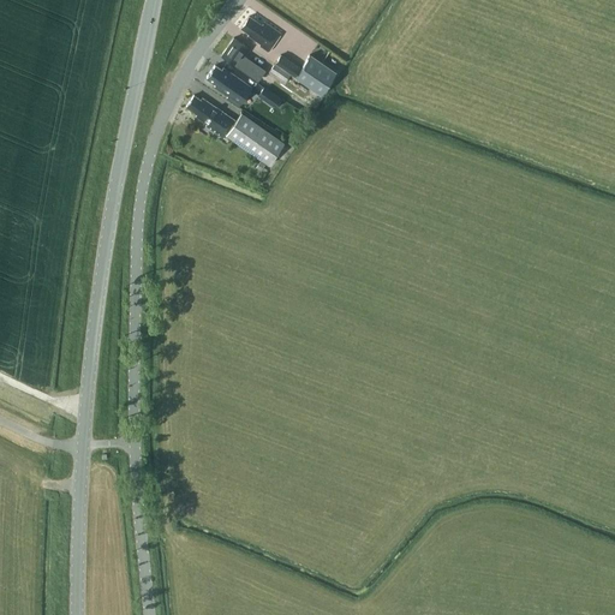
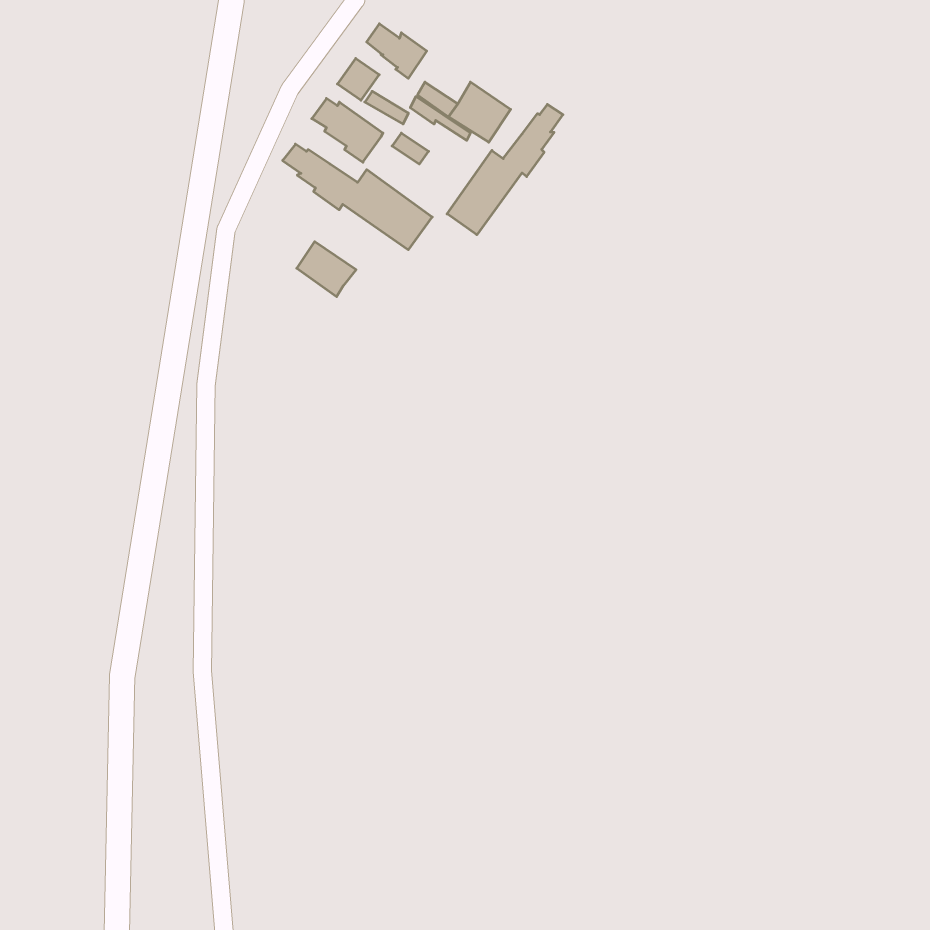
building: none -> [447,104,563,235]
building: none -> [297,242,356,297]

